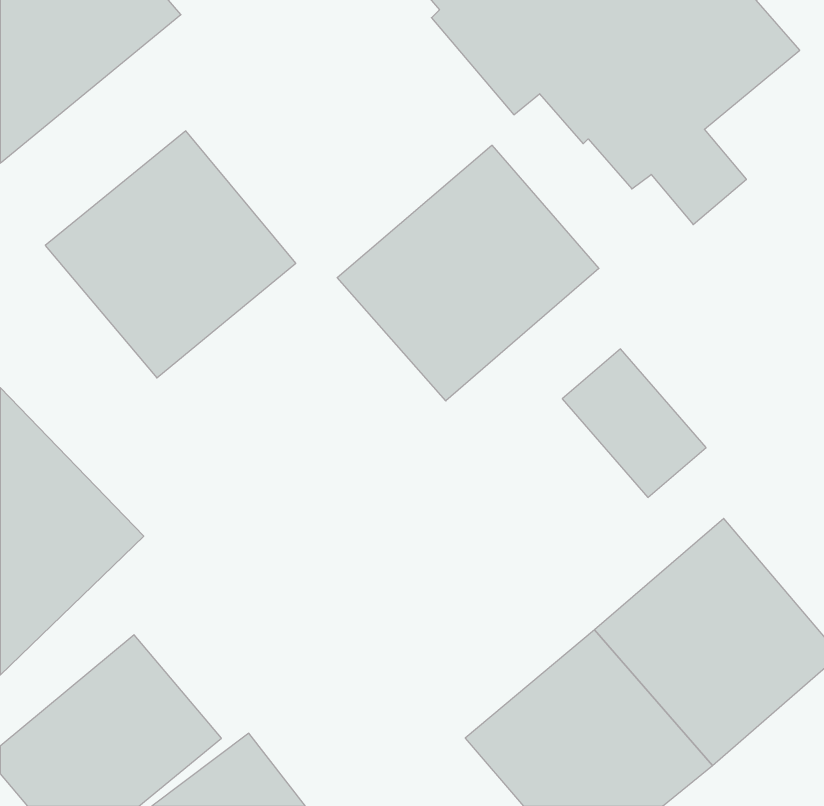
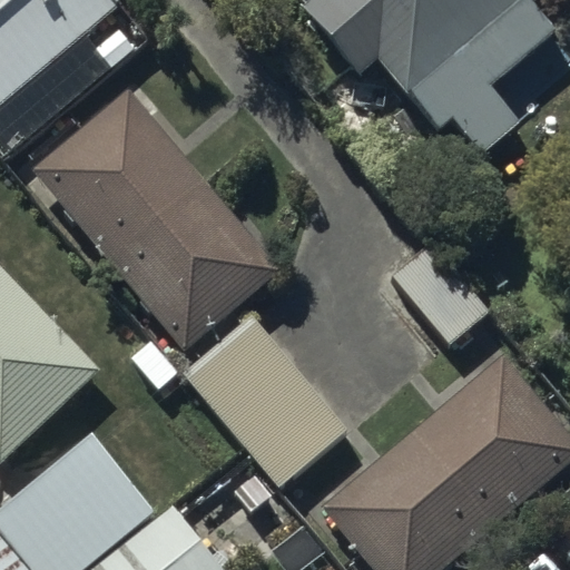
building: [337,145,599,401] -> none
building: none -> [109,181,281,351]
building: none -> [184,316,347,487]

